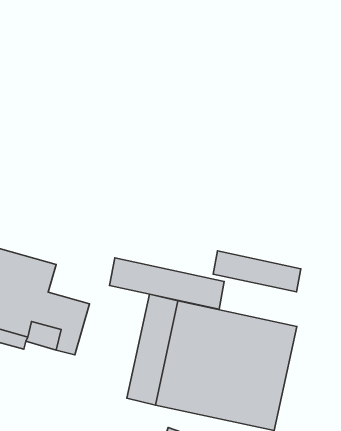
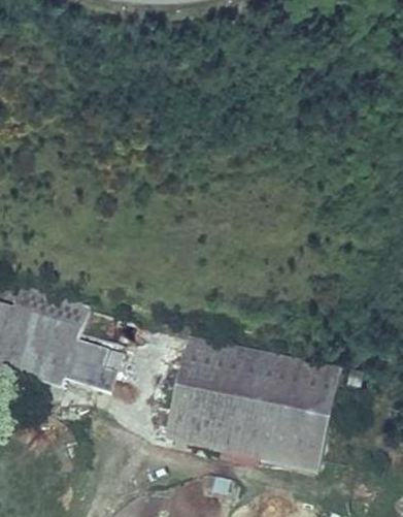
building: [213,251,301,292] -> none
building: [110,258,224,309] -> none

